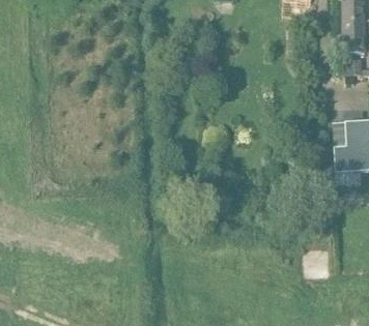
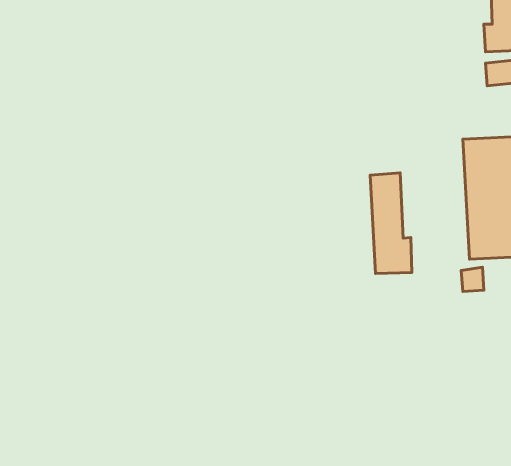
building: none -> [370,173,412,273]

